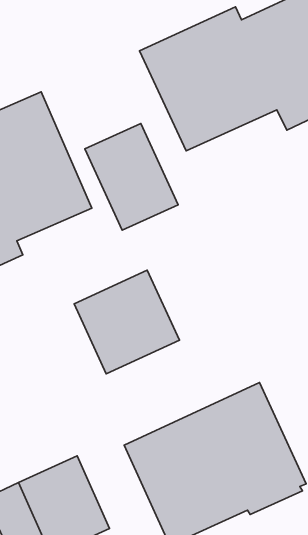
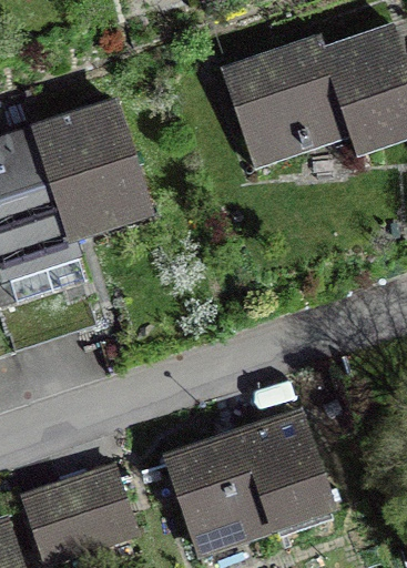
building: [85,124,178,230] -> none
building: [74,270,179,374] -> none

